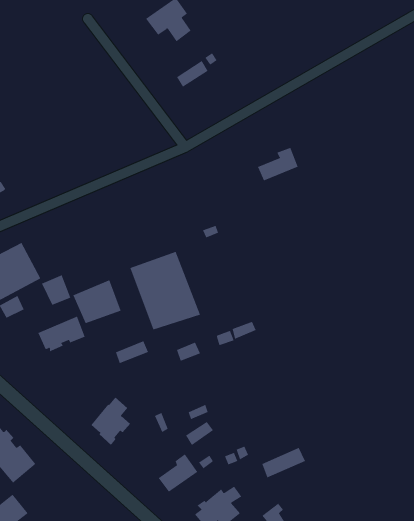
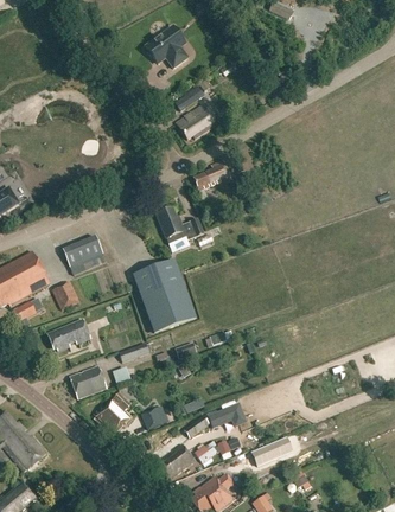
building: none -> [174,103,216,139]
building: [257,147,299,181] -> [192,159,230,190]
building: none -> [155,206,203,238]
building: [72,280,122,324] -> [60,233,106,274]
building: none -> [69,365,106,398]

